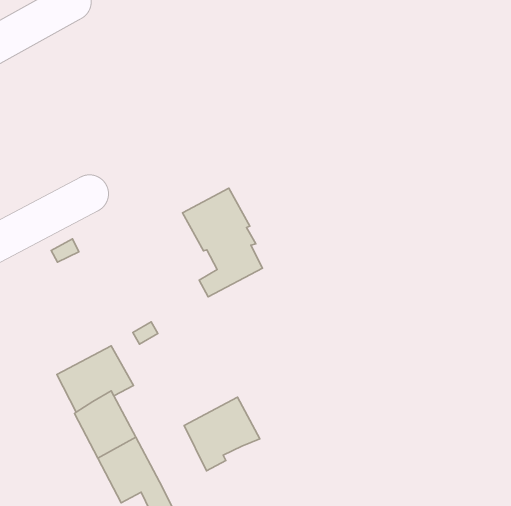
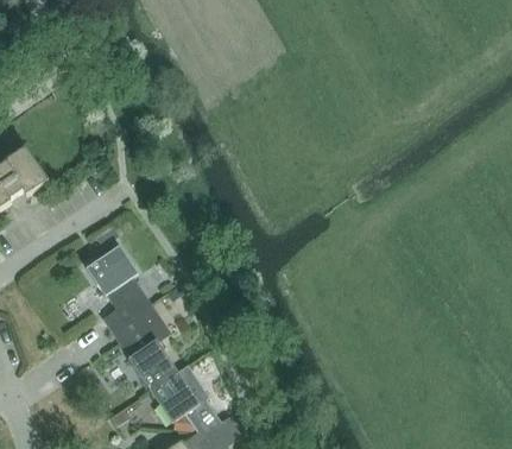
building: [183,188,263,297] -> [86,246,151,330]
building: [184,397,260,471] -> none

